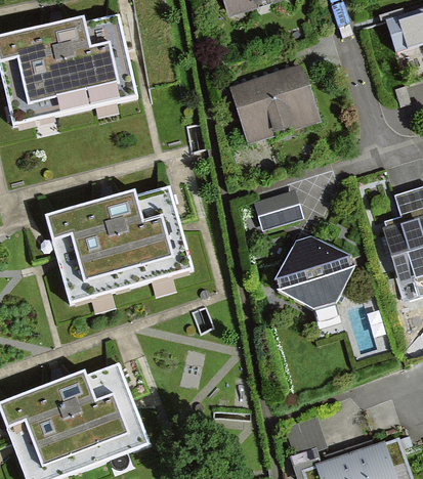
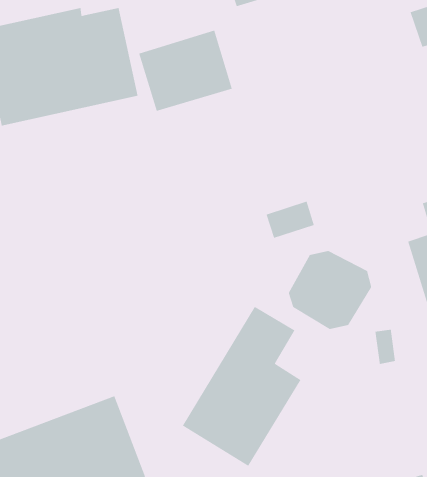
building: [230,66,316,140] -> [138,30,233,112]
building: [45,189,188,303] -> none
building: none -> [182,306,301,467]

